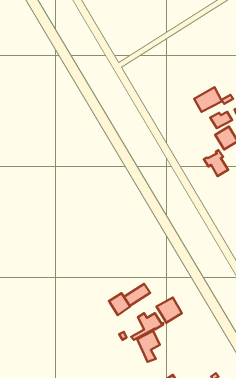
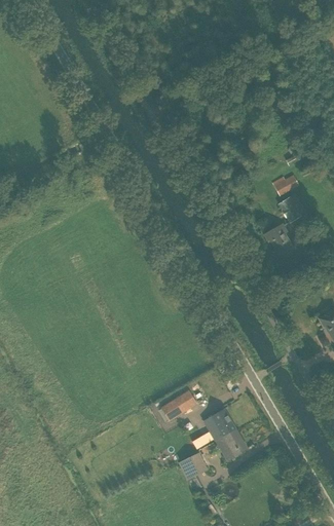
building: [194,87,222,112] -> none
building: [109,293,130,315] -> none
building: none -> [216,428,248,460]

